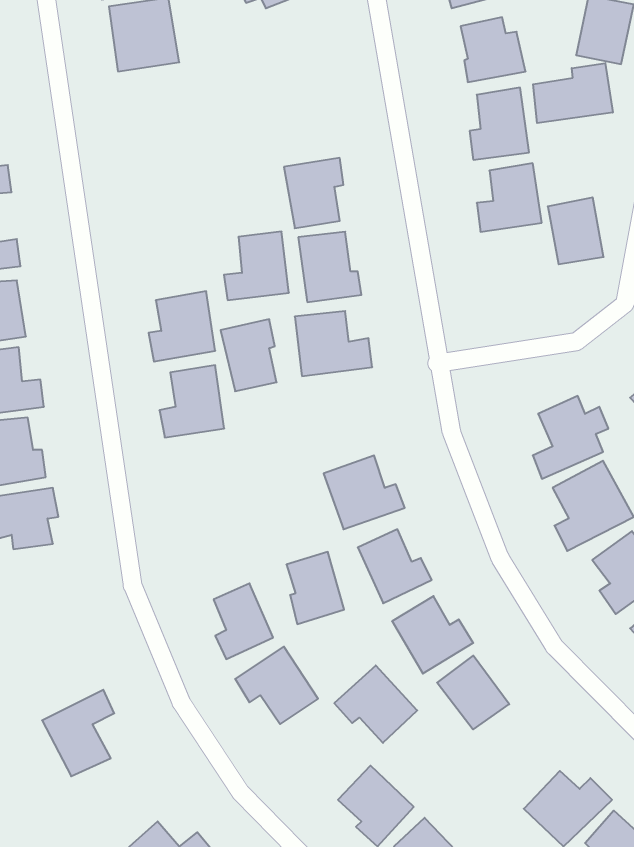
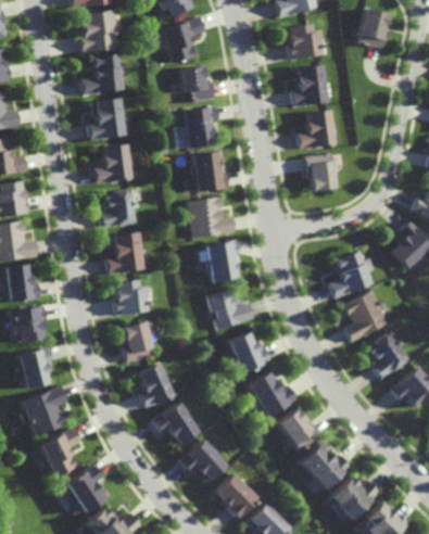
building: none -> [161,16,205,64]
building: [533,63,613,123] -> none
building: none -> [83,54,125,96]
building: none -> [180,65,216,103]
building: none -> [89,98,127,140]
building: [548,197,604,264] -> [305,152,339,192]
building: [224,232,289,300] -> [96,142,135,183]
building: [221,319,277,391] -> [206,240,240,283]
building: none -> [115,279,152,317]
building: [286,552,344,624] -> [123,320,157,364]
building: none -> [16,346,51,390]
building: none -> [20,385,67,437]
building: [334,665,417,743] -> [179,438,229,485]
building: none -> [294,443,350,492]
building: none -> [64,465,108,513]

